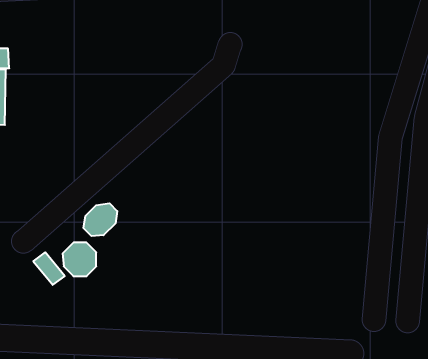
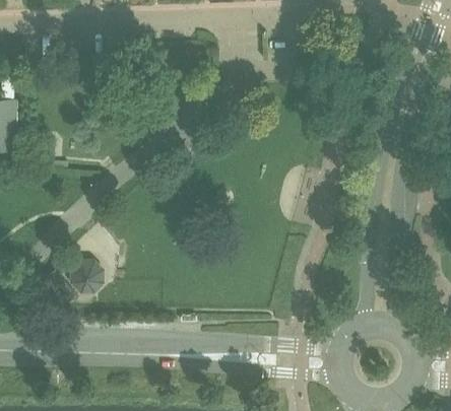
building: [84,203,117,236] -> none

